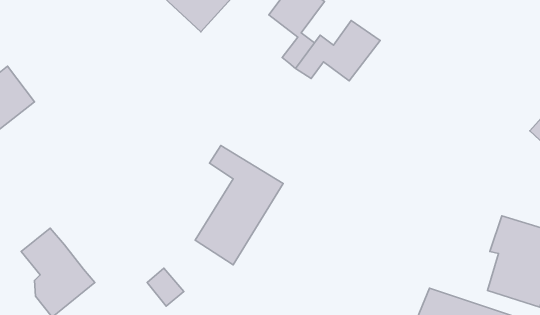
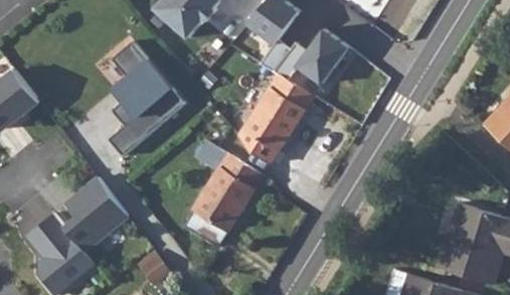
building: none -> [107,38,188,157]
building: none -> [242,66,312,151]
building: none -> [64,177,129,253]

